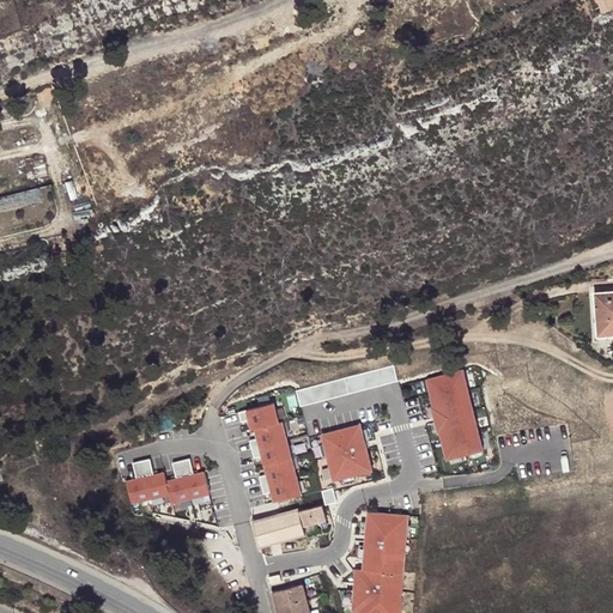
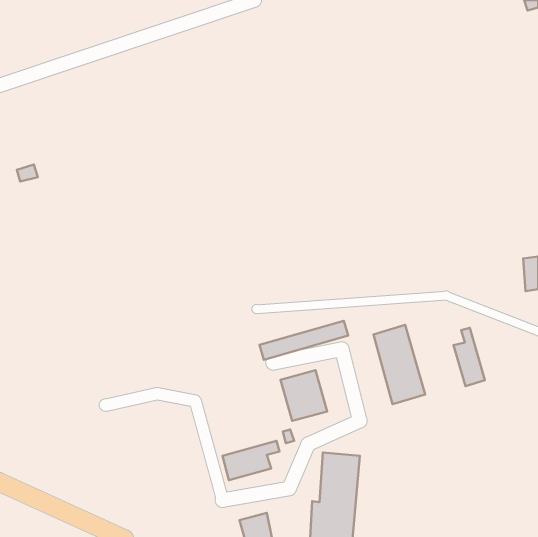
building: none -> [454,328,485,386]
building: [238,403,302,499] -> none
building: [126,460,208,504] -> none

